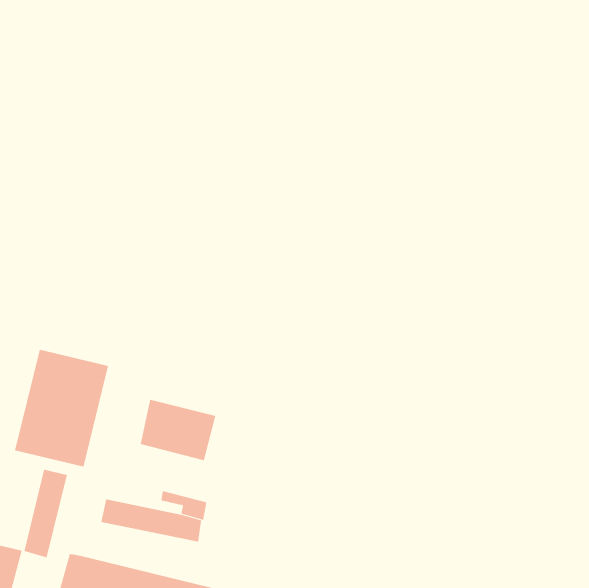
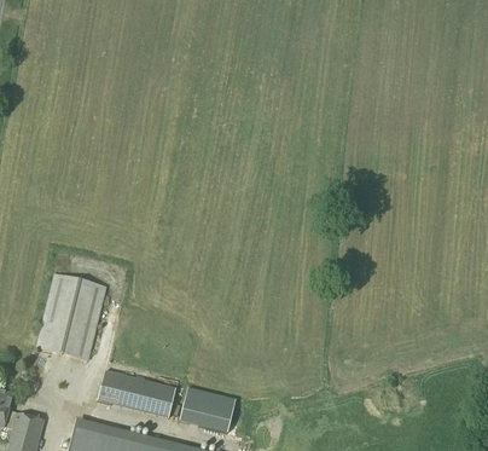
building: [140,399,216,461] -> [180,387,236,432]
building: [24,469,68,558] -> none

